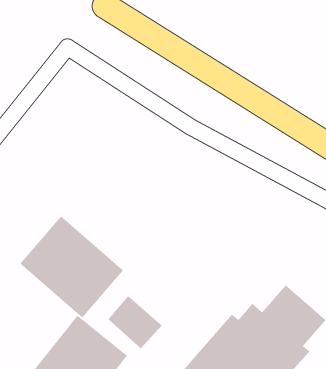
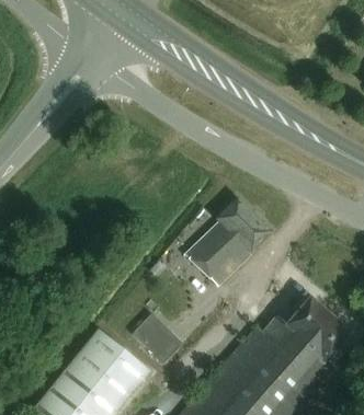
building: none -> [186,195,274,285]
building: [19,215,124,319] -> none

